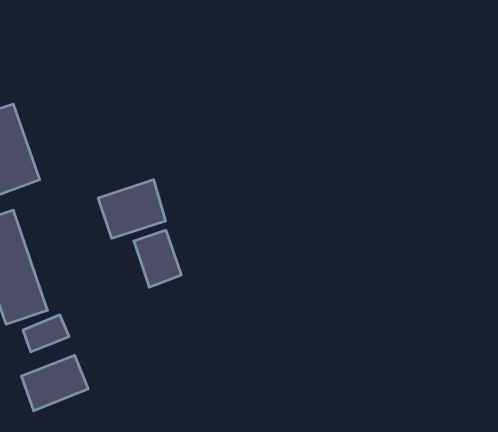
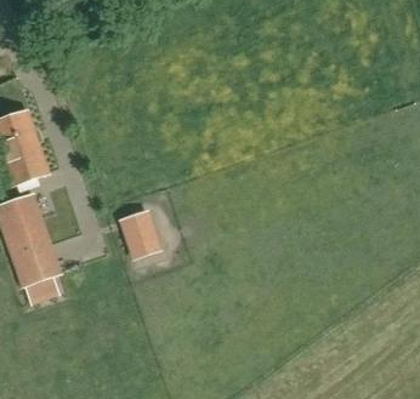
building: [98,180,165,238] -> none
building: [22,355,88,411] -> none

